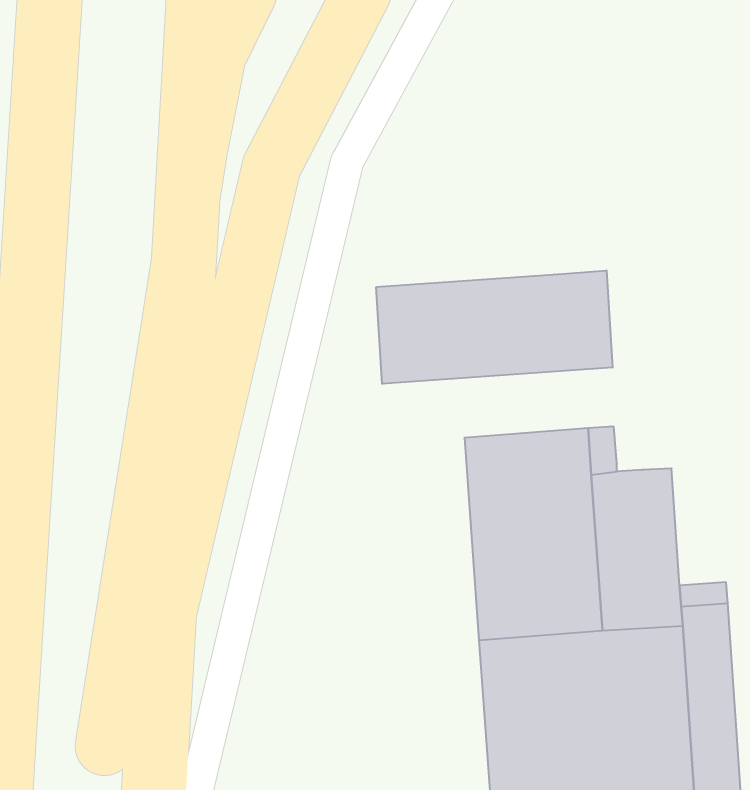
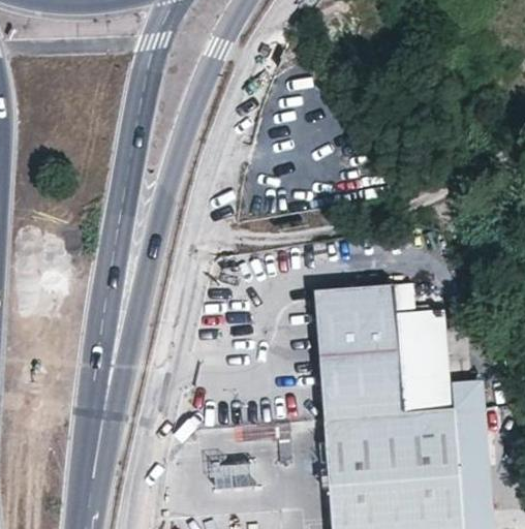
building: [376,270,613,384] -> none

